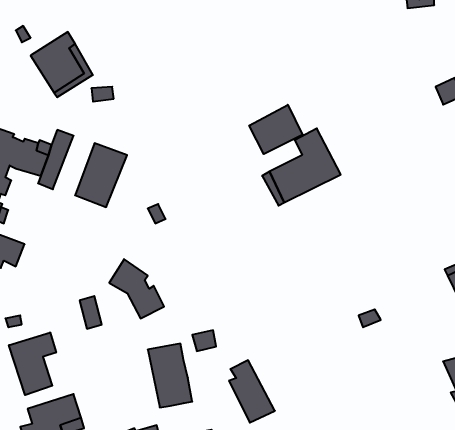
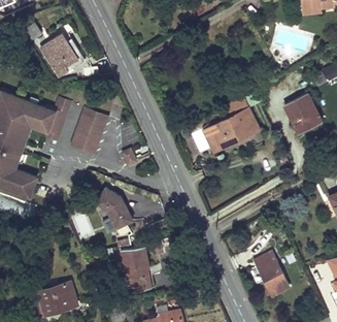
building: [249,105,302,154] -> none
building: none -> [284,94,322,129]
building: [9,332,56,395] -> none
building: [229,360,275,423] -> [258,251,290,294]

